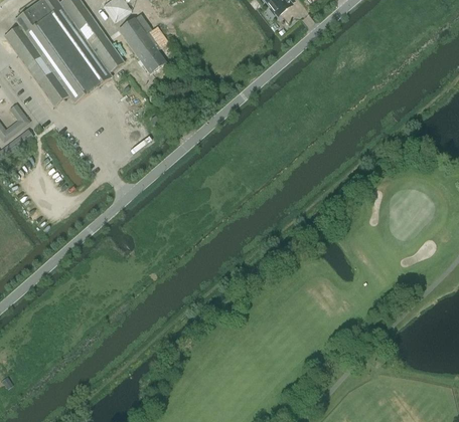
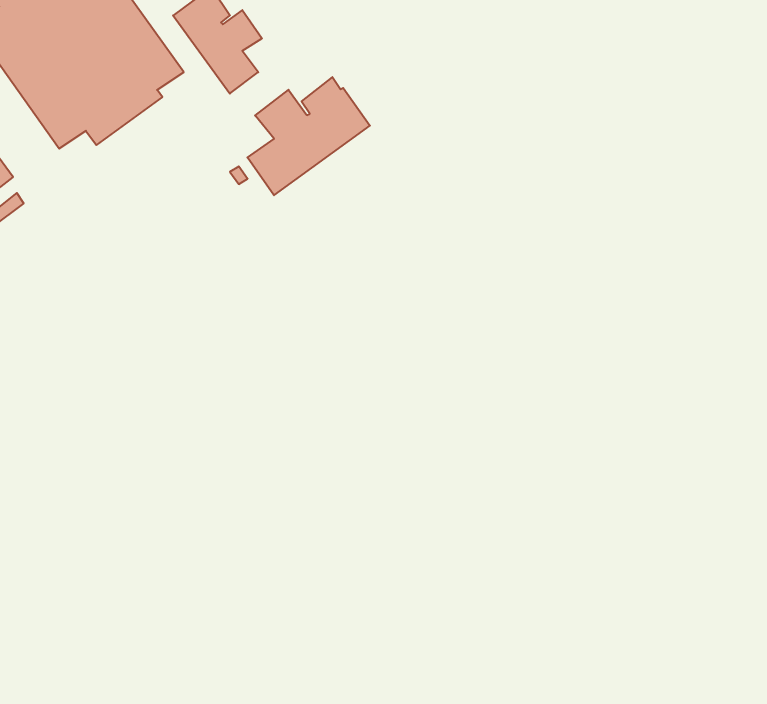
building: none -> [247,77,370,195]

